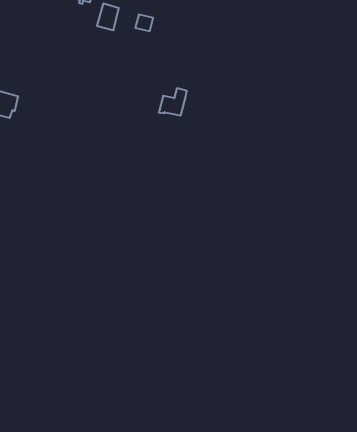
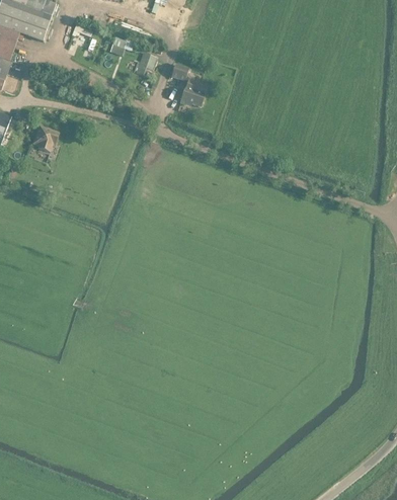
building: [159,88,187,115] -> [180,81,208,106]

